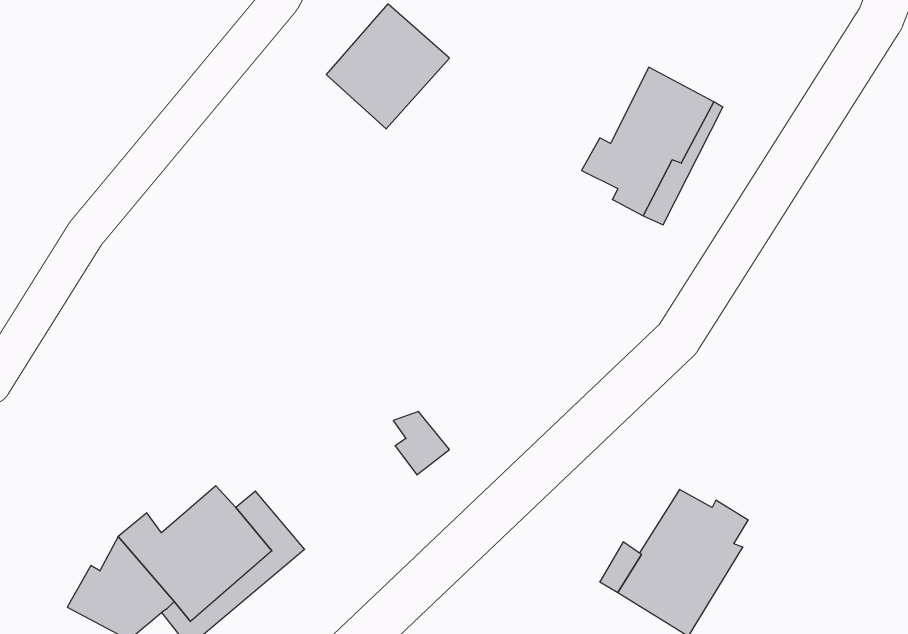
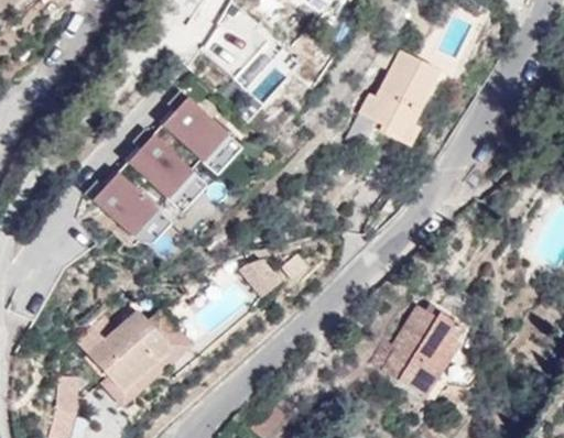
building: none -> [162,90,227,162]
building: none -> [128,128,193,199]
building: none -> [85,173,159,237]

